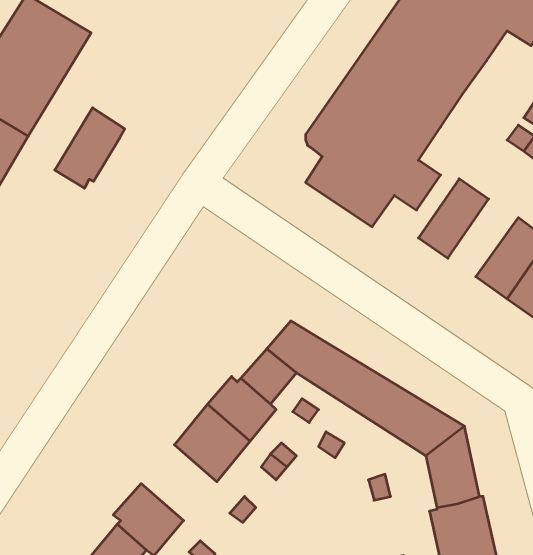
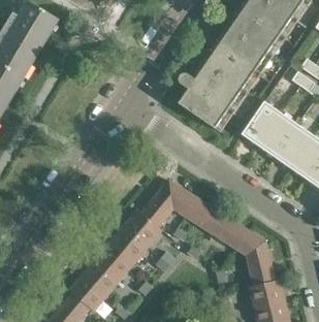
building: [55,108,125,188] -> none
building: none -> [258,112,297,156]
building: none -> [87,250,129,292]

